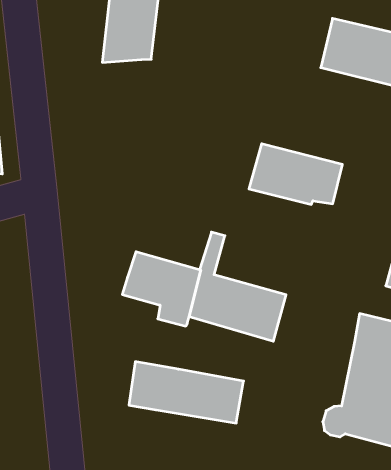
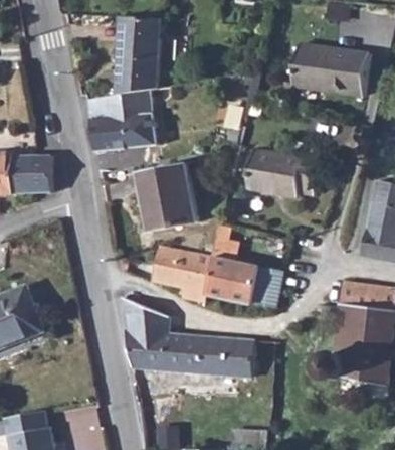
building: none -> [88,91,155,151]
building: none -> [136,164,193,232]
building: none -> [123,300,168,369]

